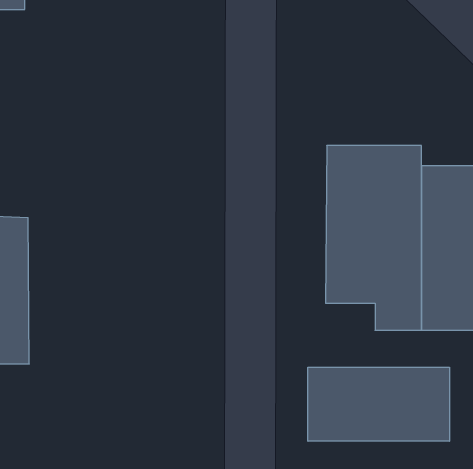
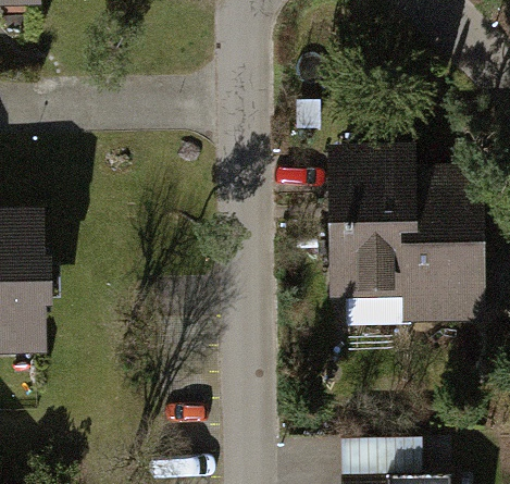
building: [308,367,449,441] -> none

